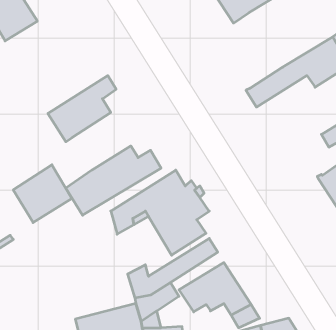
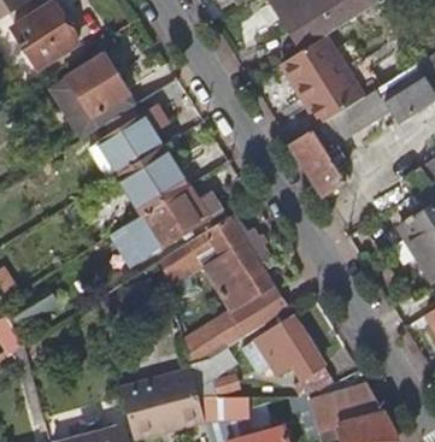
building: none -> [282,35,359,122]
building: none -> [48,57,136,143]
building: none -> [289,126,346,191]
building: [13,165,72,223] -> [117,149,184,216]

